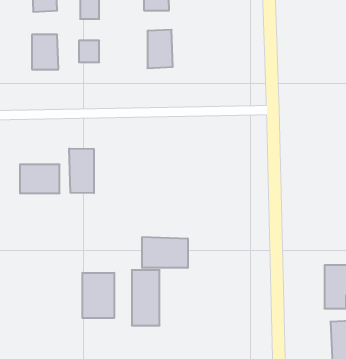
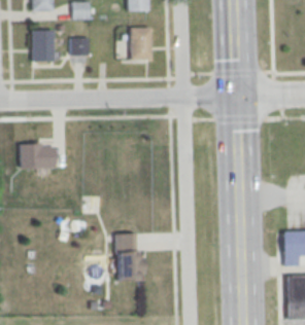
building: [69,148,94,193] -> none
building: [142,237,188,268] -> none
building: [82,273,114,318] -> none

